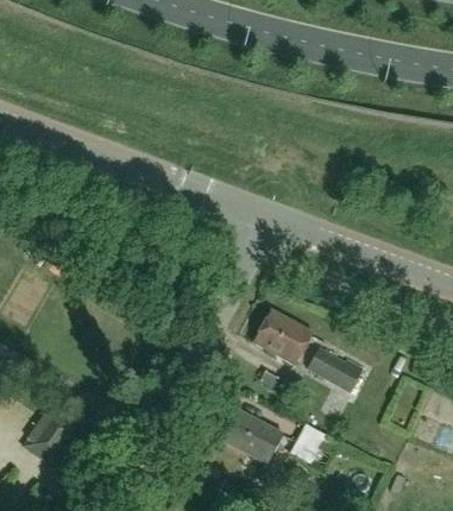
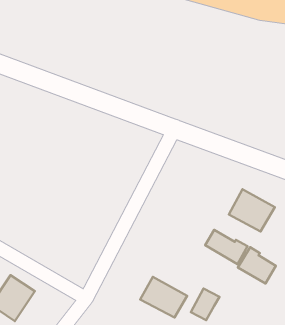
building: [252,308,313,364] -> [229,189,275,231]
building: none -> [238,247,276,284]

